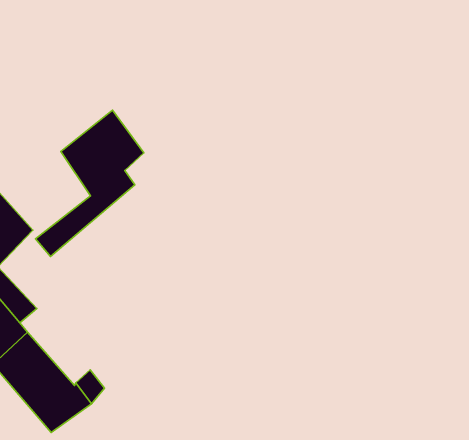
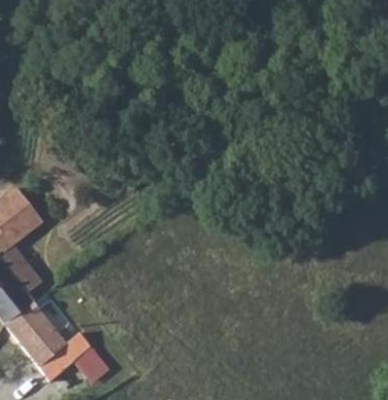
building: [35,110,144,256] -> none

